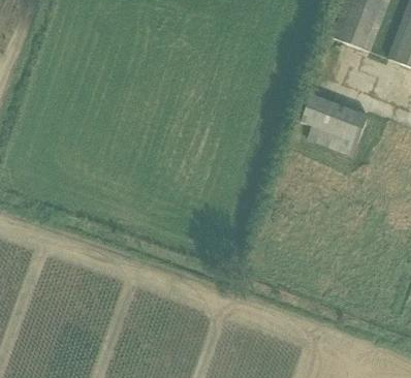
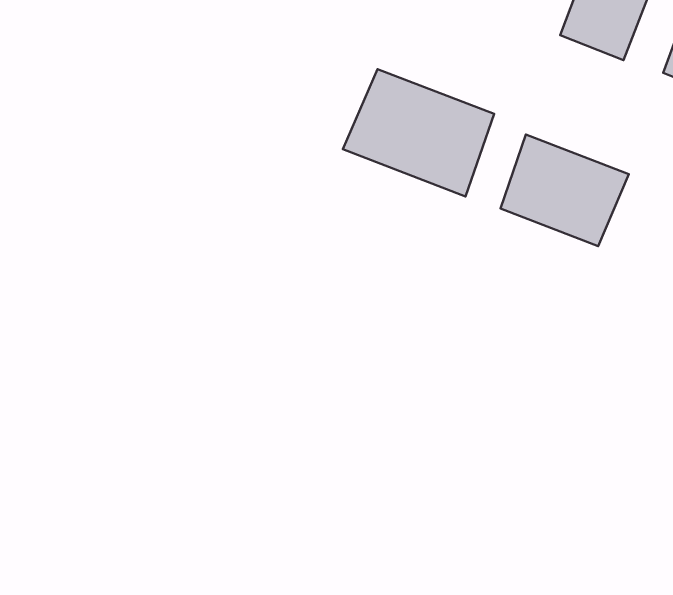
building: none -> [343,69,494,197]

